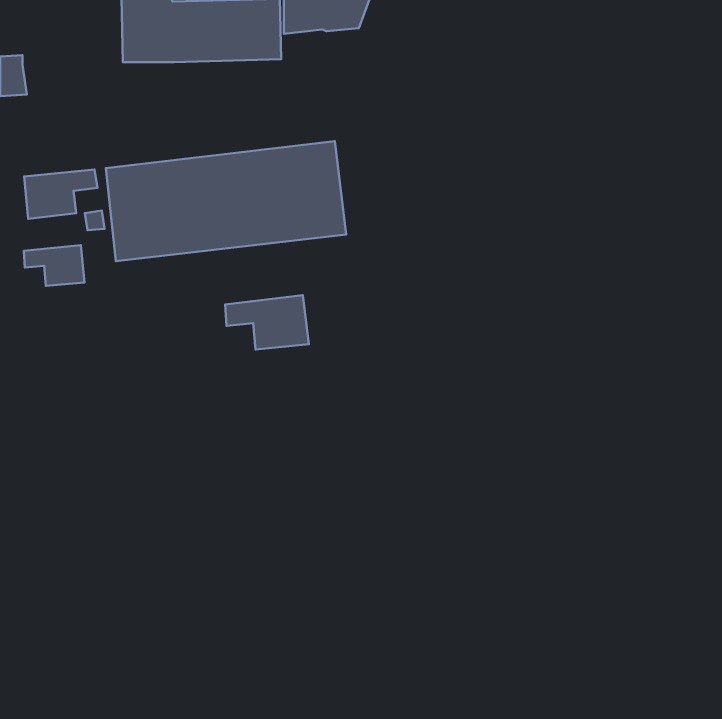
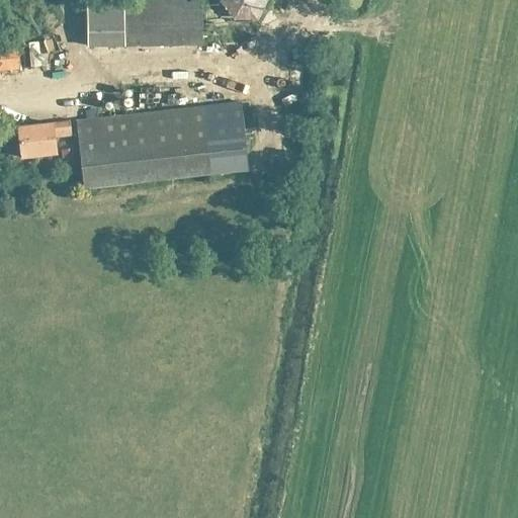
building: [24,245,85,286] -> none
building: [225,295,309,349] -> none

